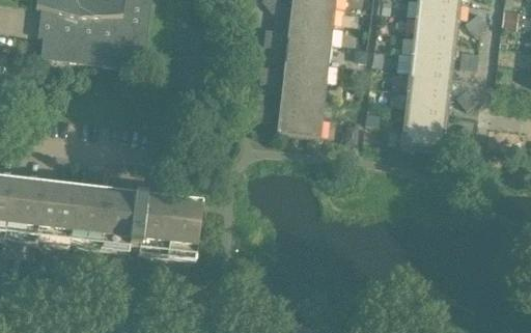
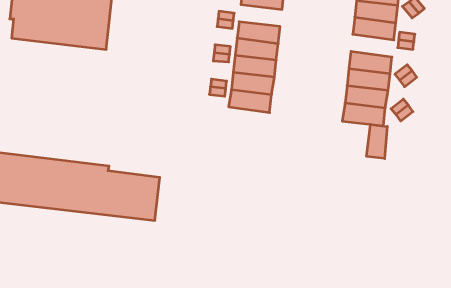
building: [286,20,333,44] -> none
building: [408,52,454,77] -> none
building: none -> [367,124,387,159]

